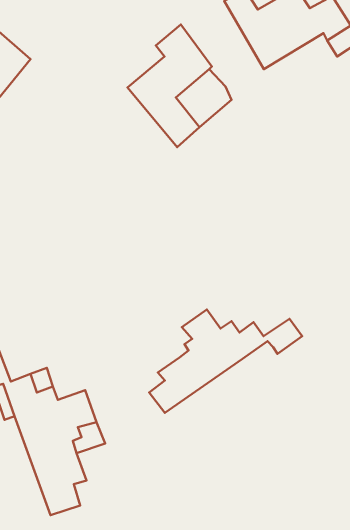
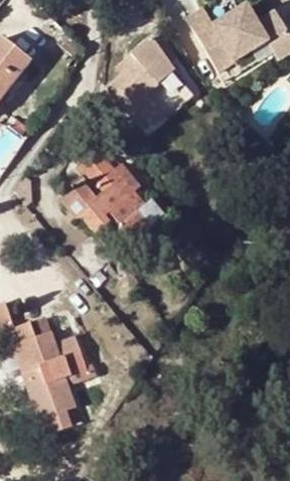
building: none -> [60,148,164,242]
building: [149,309,302,413] -> none

